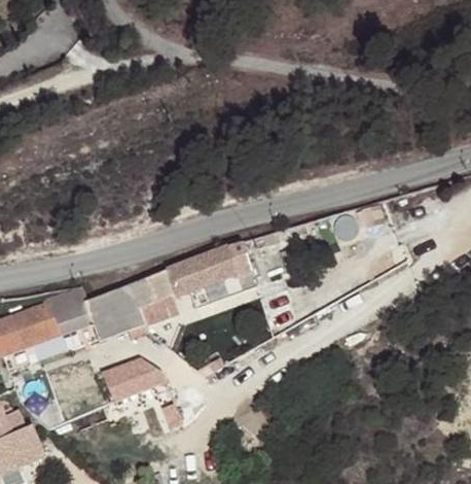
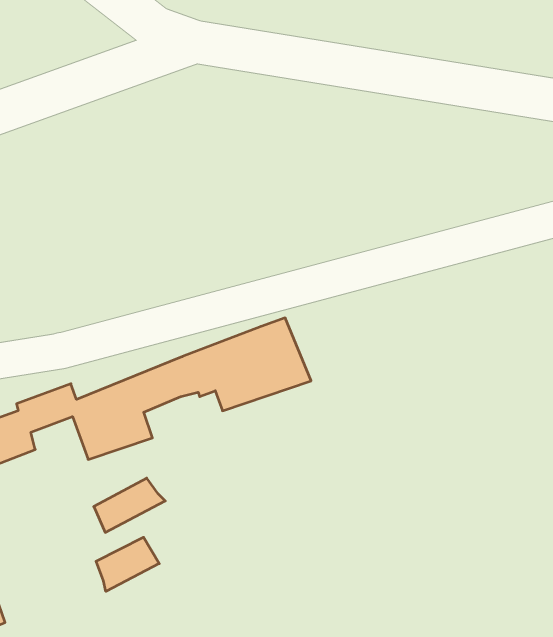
building: none -> [96,537,159,591]

